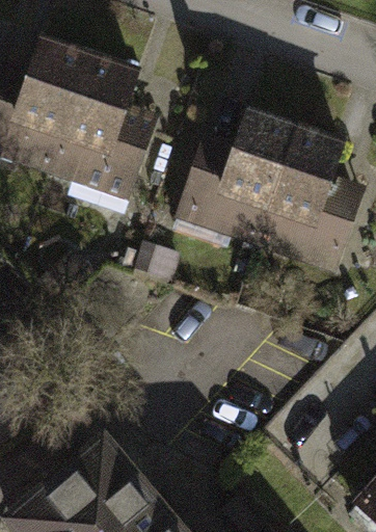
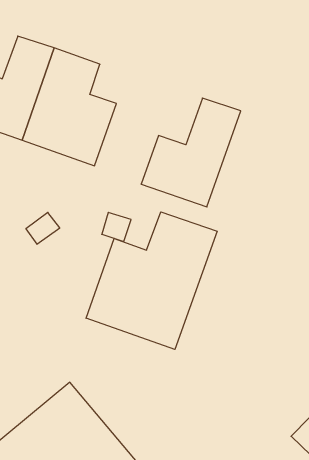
building: [257,132,353,266] -> none
building: none -> [86,212,217,349]

